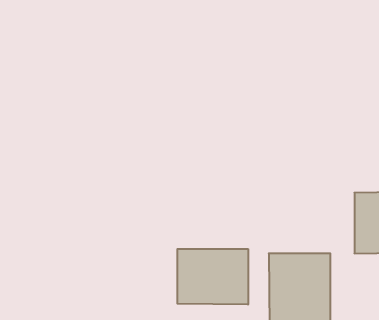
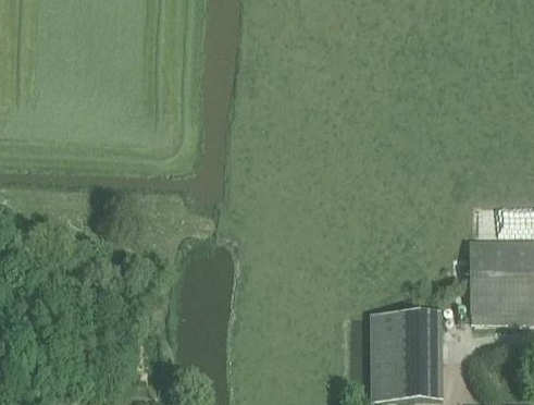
building: [177,249,248,305] -> none

